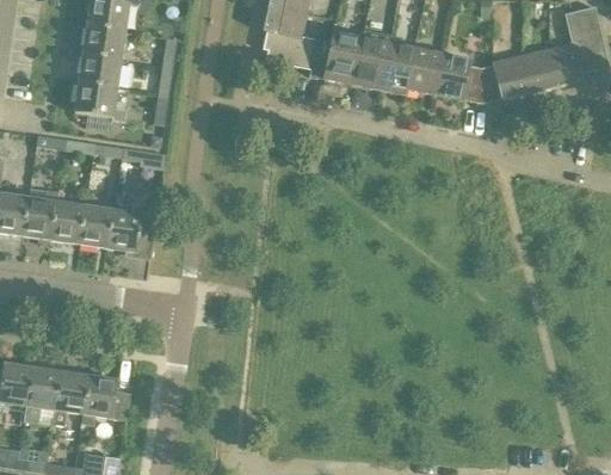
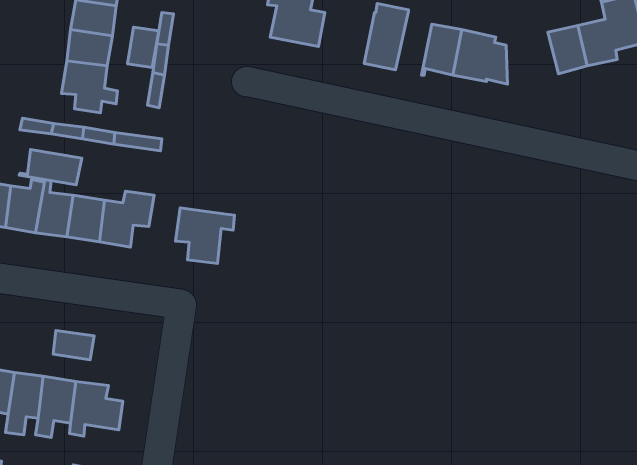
building: [309,31,360,84] -> none
building: [379,35,413,94] -> none
building: none -> [128,27,159,67]
building: [481,55,529,103] -> none
building: none -> [19,149,82,185]
building: none -> [175,208,235,263]
building: none -> [53,331,94,360]

